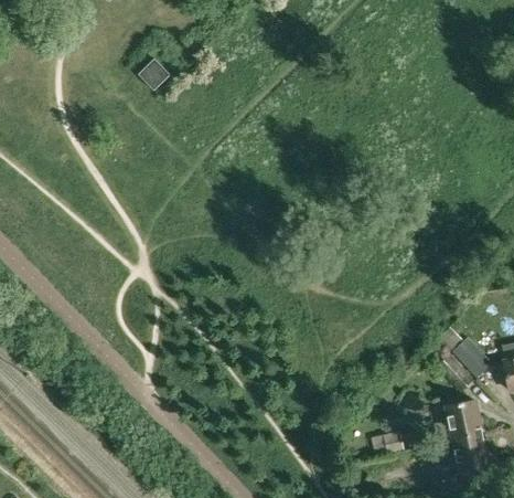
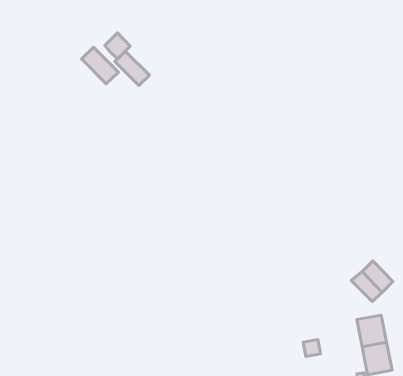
building: none -> [81,47,118,84]
building: none -> [115,51,149,85]

